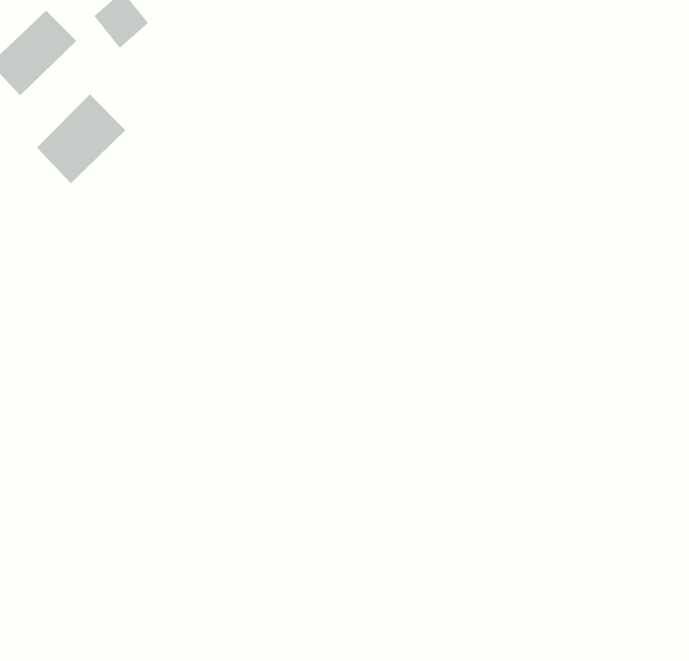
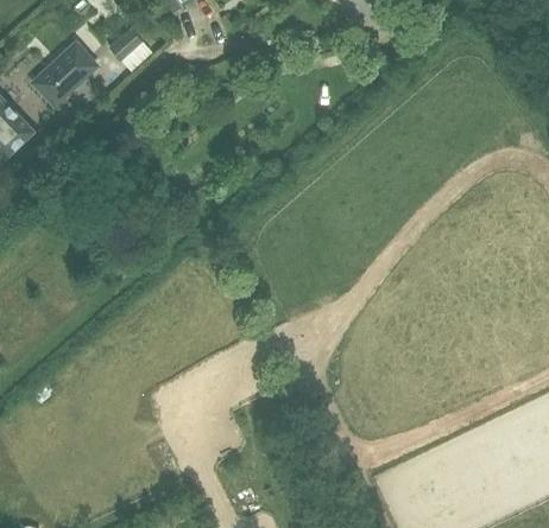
building: [36,94,126,184] -> none

